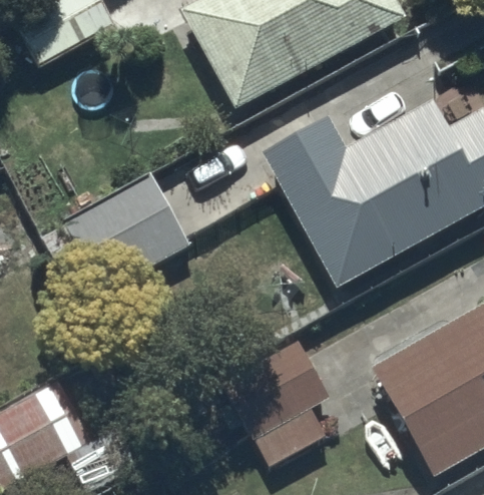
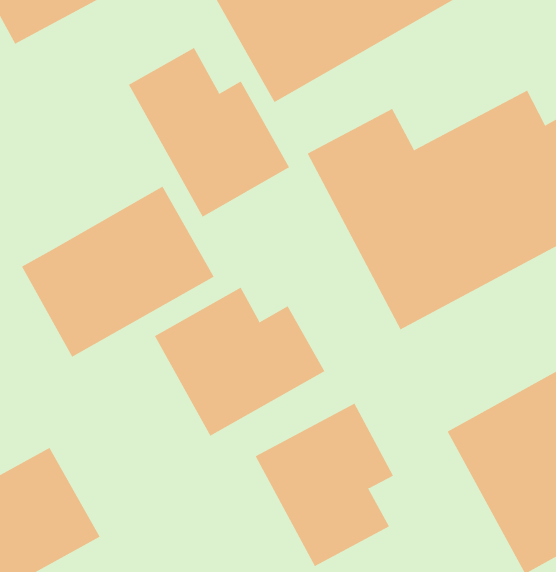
building: none -> [128,47,290,217]
building: none -> [154,287,325,436]

